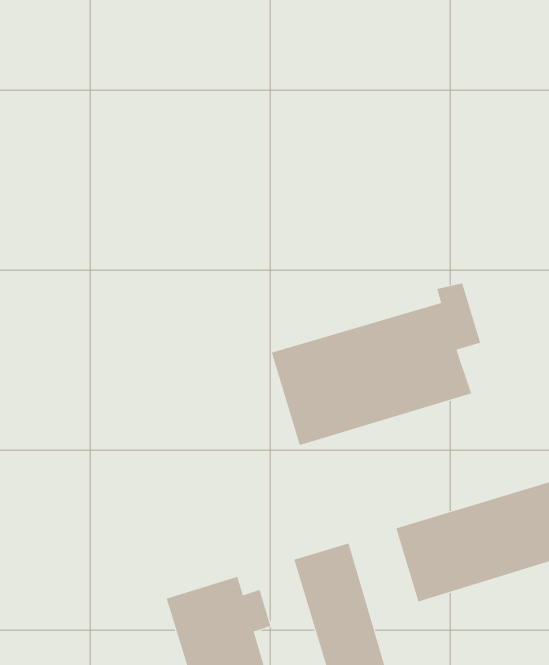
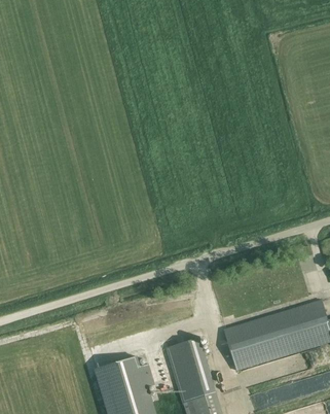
building: [271,282,481,446] -> none

